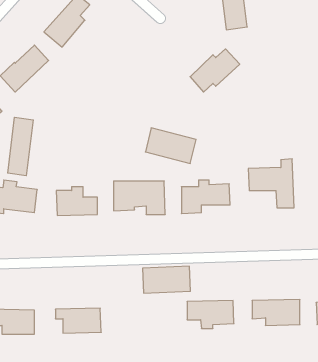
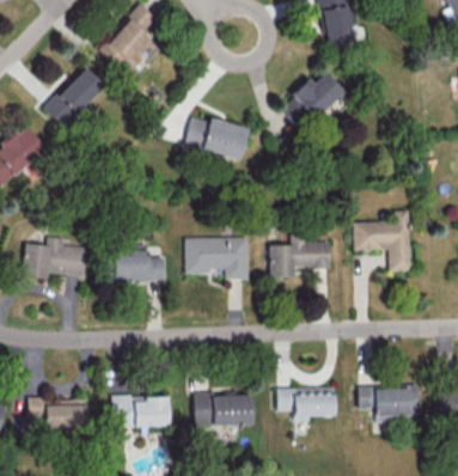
building: [8,117,33,176] -> none
building: [145,128,196,163] -> [184,114,248,158]
building: [143,266,190,293] -> [194,392,254,426]

